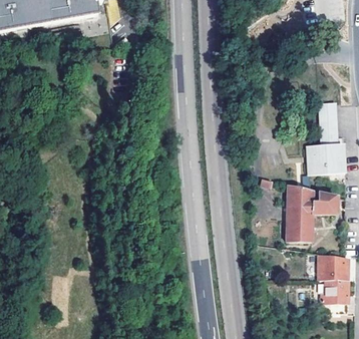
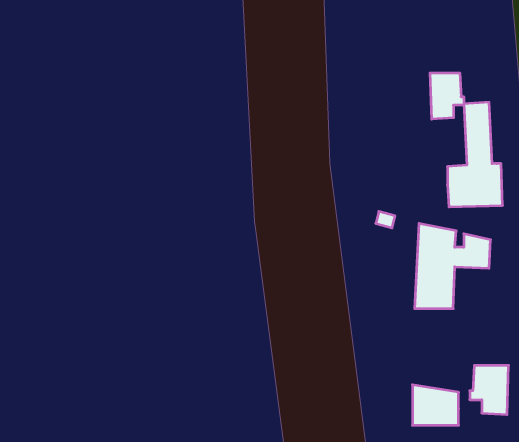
building: none -> [430,73,464,119]
building: [318,252,349,279] -> [412,385,459,425]

